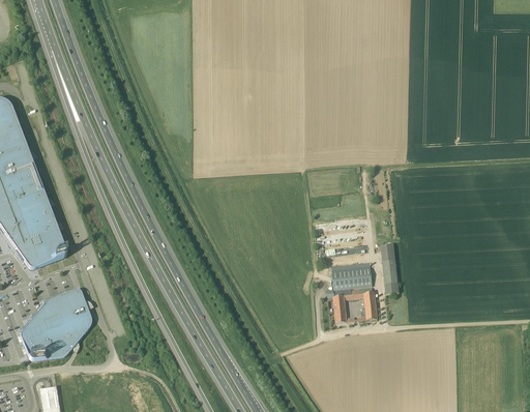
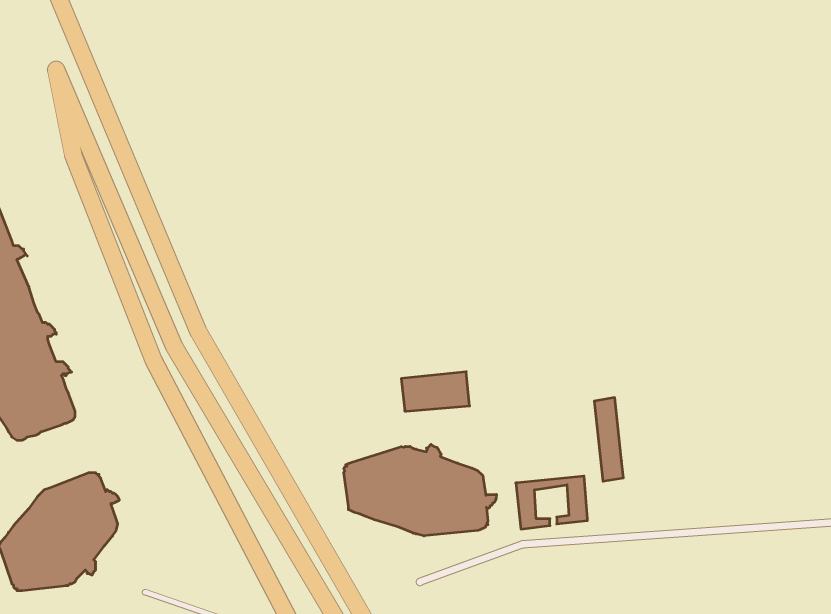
building: [331,265,373,289] -> [401,372,470,411]
building: none -> [344,444,496,536]

